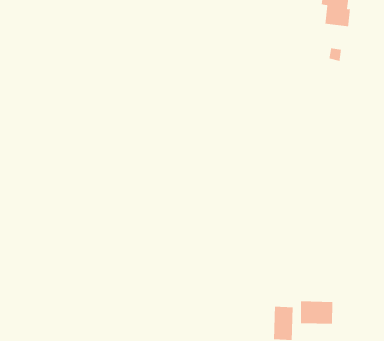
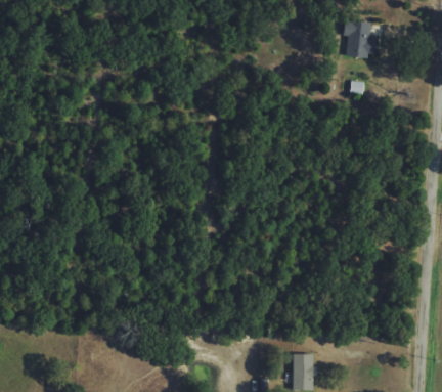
building: [300,300,333,325] -> none

